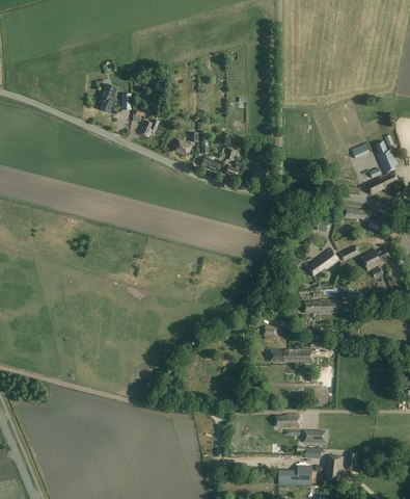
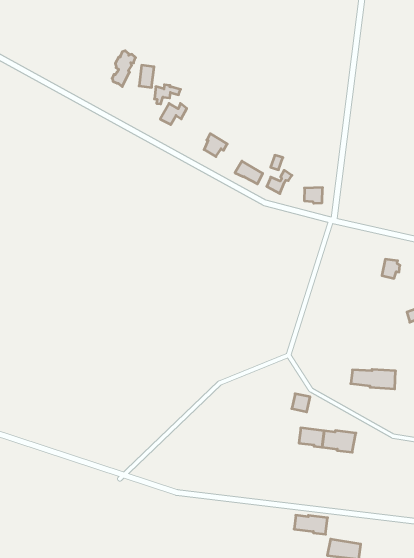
building: [307,247,339,275] -> none

